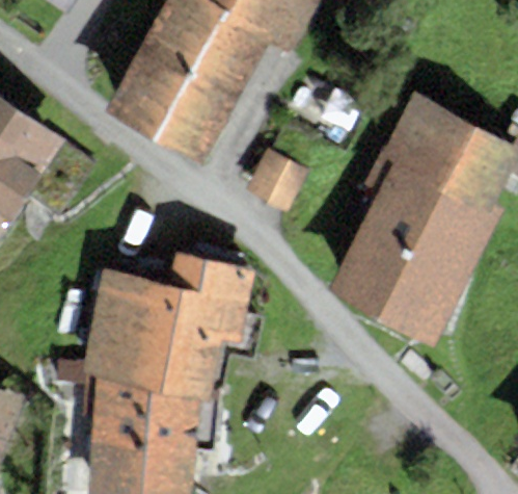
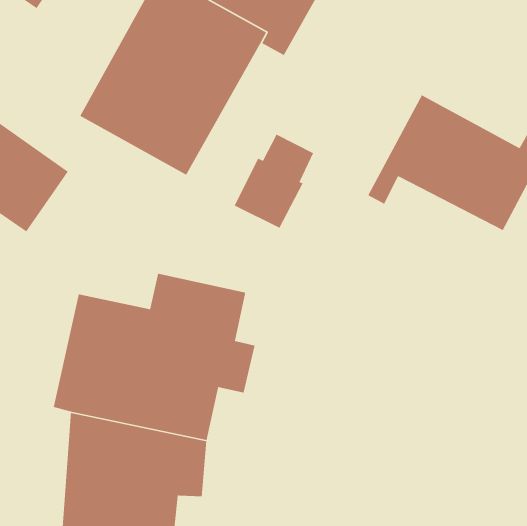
building: [325,165,497,346] -> none

